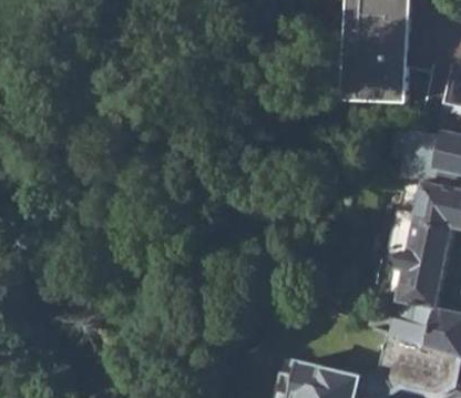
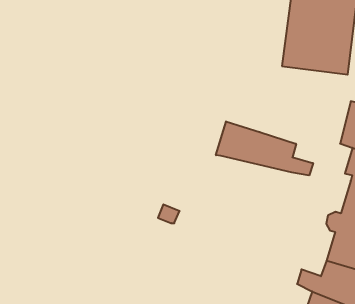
building: none -> [216,121,313,175]

